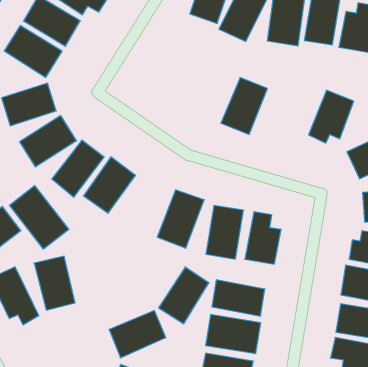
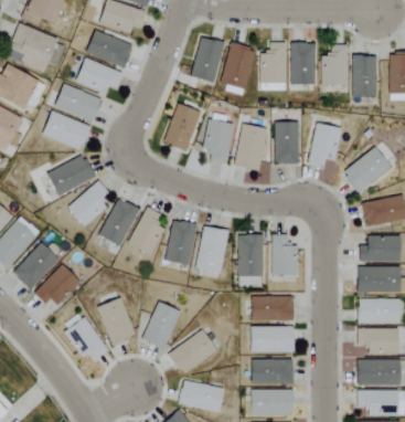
building: none -> [163,103,201,150]
building: none -> [203,118,233,163]
building: none -> [274,122,299,163]
building: none -> [167,221,194,264]
building: [9,186,69,249] -> none
building: [159,267,209,324] -> [141,302,180,349]

